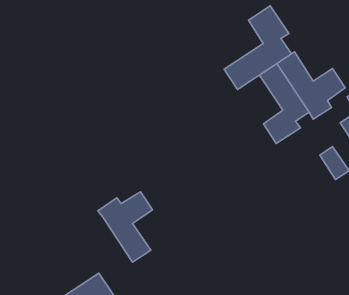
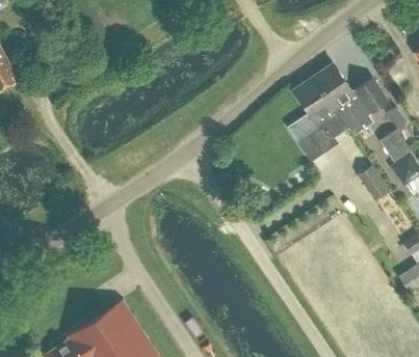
building: [224,6,291,90] -> none
building: [98,192,153,262] -> none

